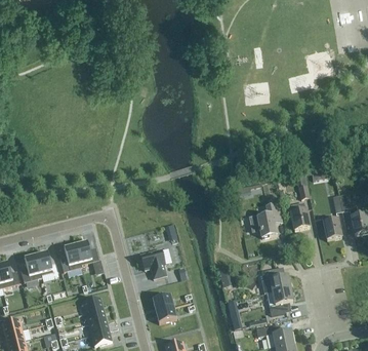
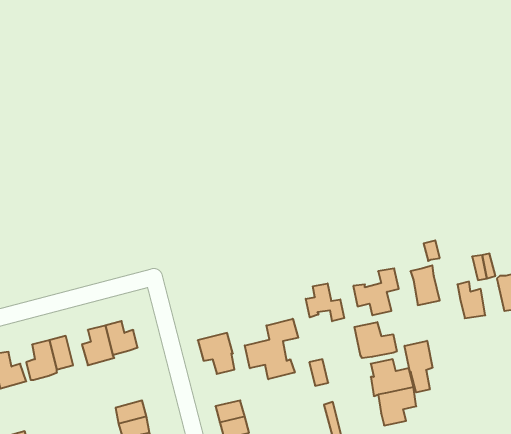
building: none -> [306,283,344,321]
building: none -> [245,319,298,379]
building: none -> [354,322,397,358]
building: none -> [405,341,433,392]

